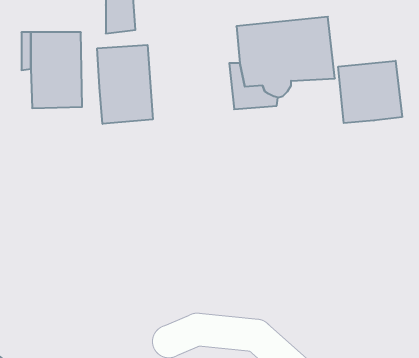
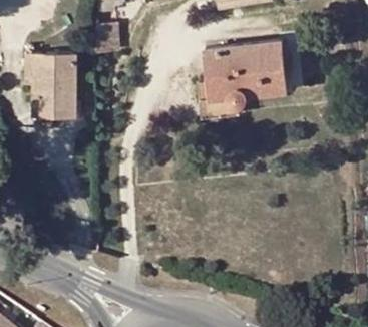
building: [97,45,153,124] -> none
building: [338,61,402,123] -> none

